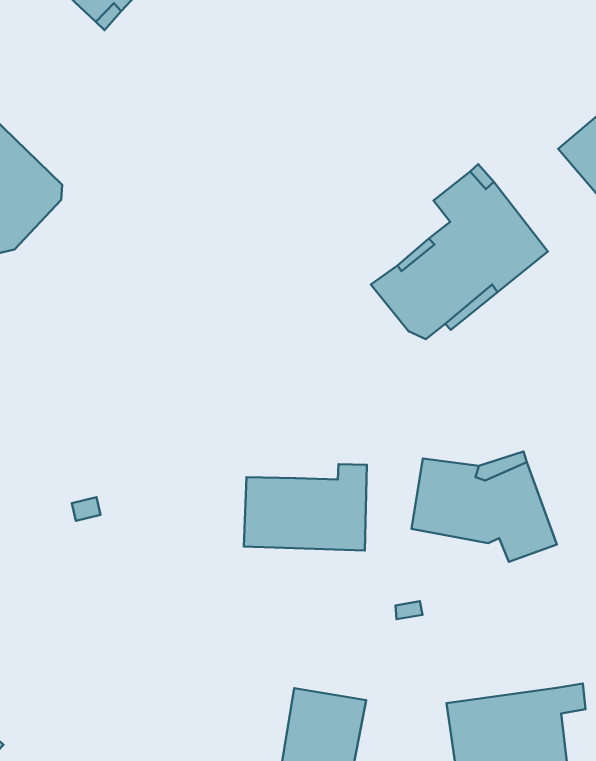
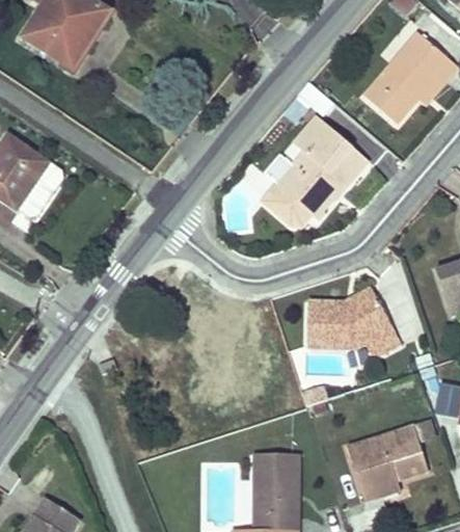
building: [244,464,367,551] -> none

